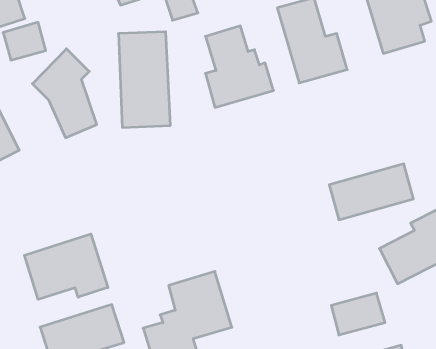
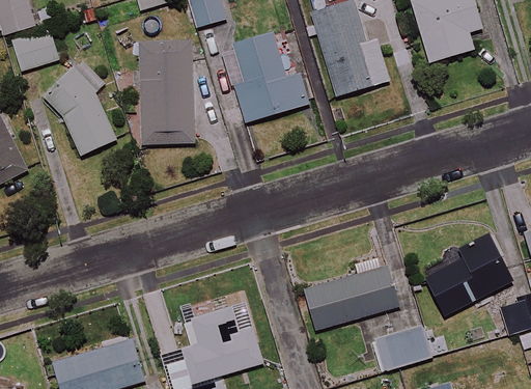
building: [329,164,413,220] -> [305,268,397,329]
building: [24,234,108,299] -> none

